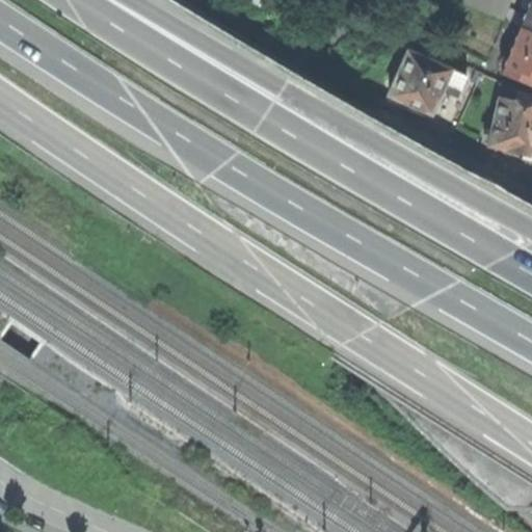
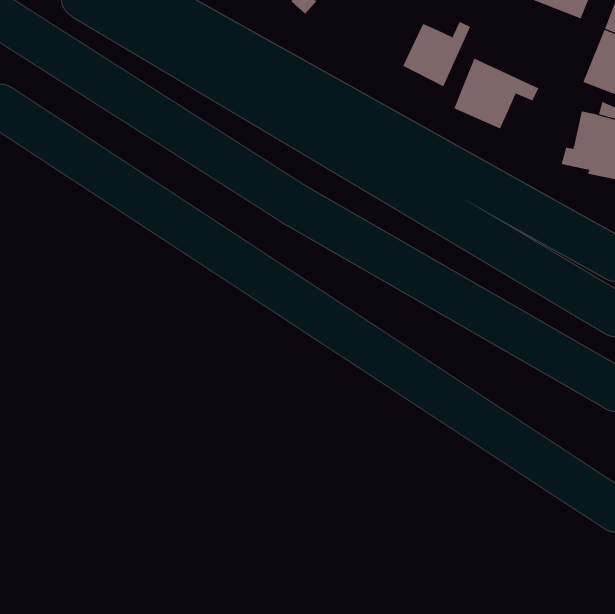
building: none -> [403,21,471,87]

